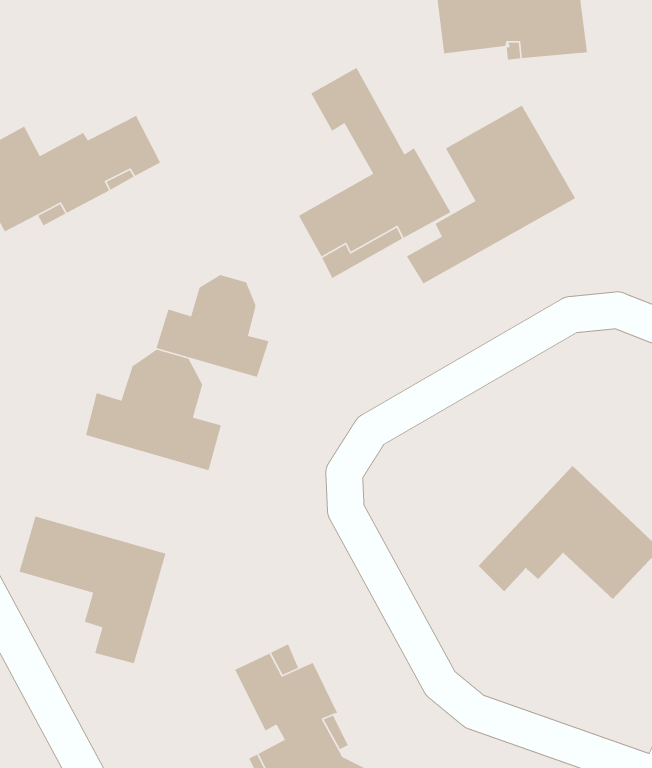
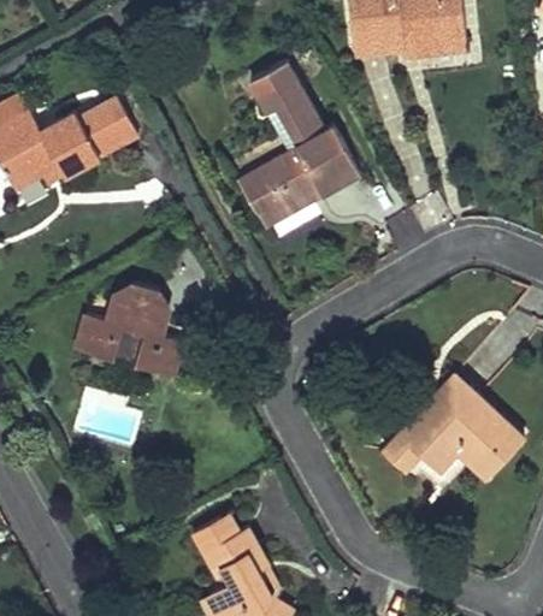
building: [406,104,576,284] -> none
building: [156,274,269,378] -> none
building: [18,516,167,664] -> none

